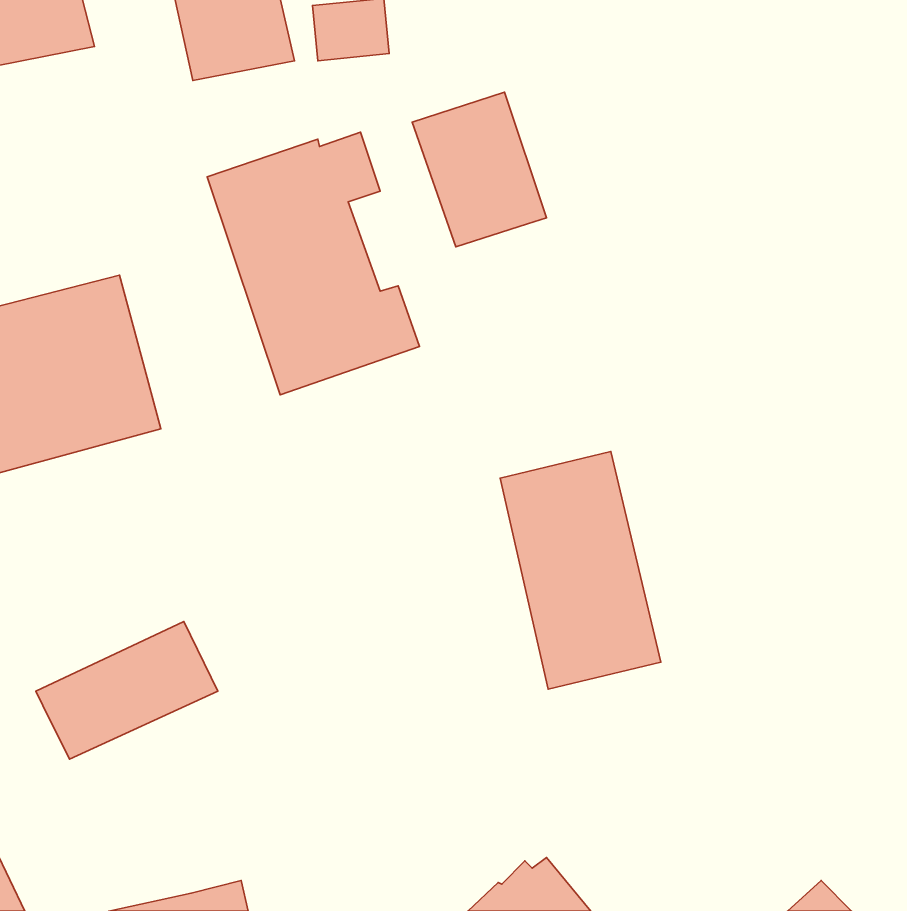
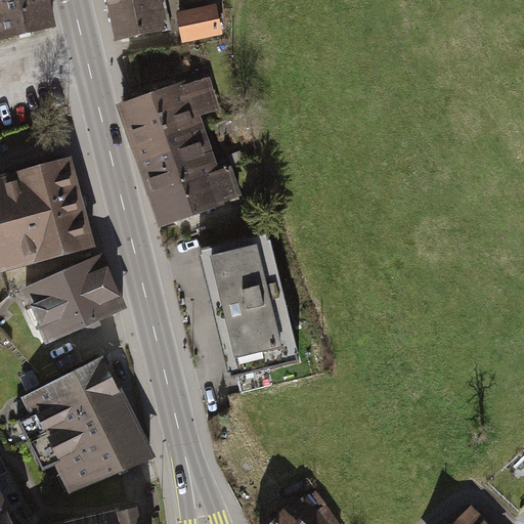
building: [412,92,547,247] -> none
building: none -> [18,255,122,343]
building: [500,452,661,689] -> [196,229,289,365]
building: none -> [40,396,152,494]

